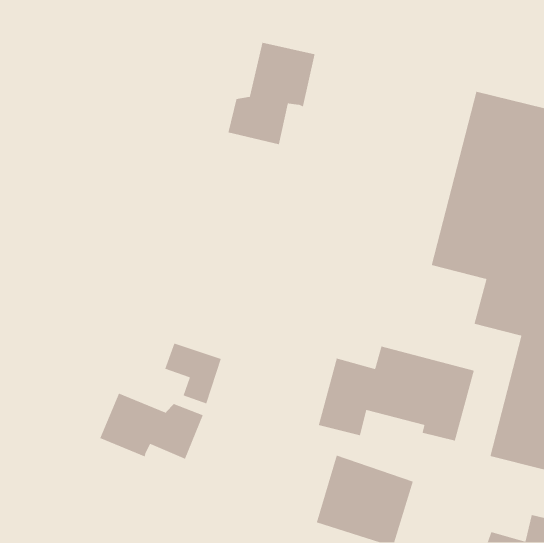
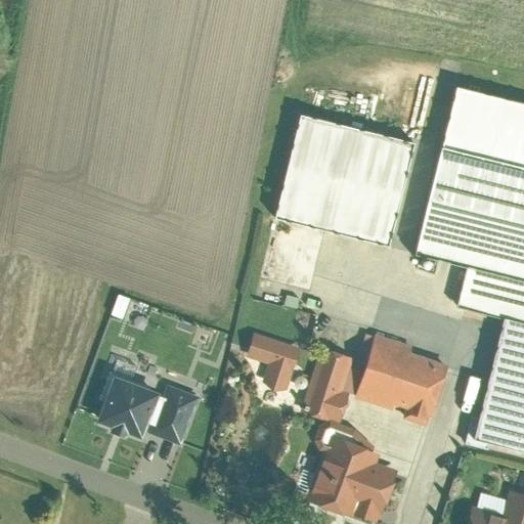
building: [227,42,315,145] -> none
building: none -> [277,118,411,248]
building: [164,343,222,404] -> [251,329,306,388]

